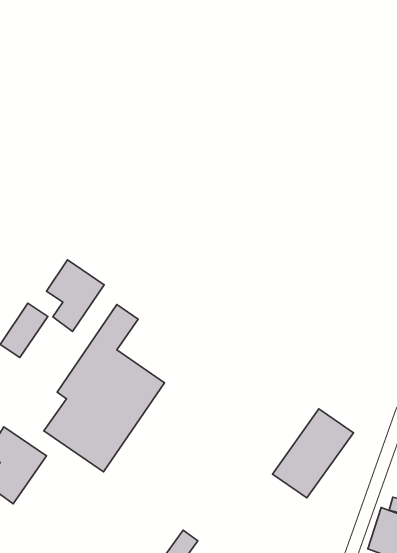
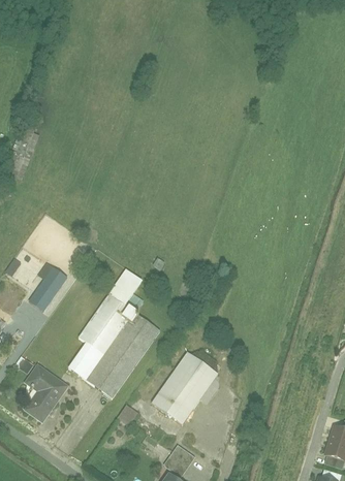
building: [47,260,104,331] -> none
building: [272,409,353,498] -> [149,353,212,422]

